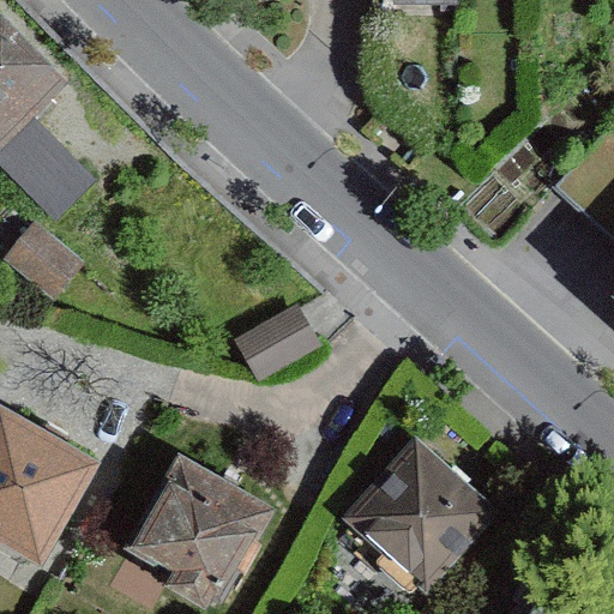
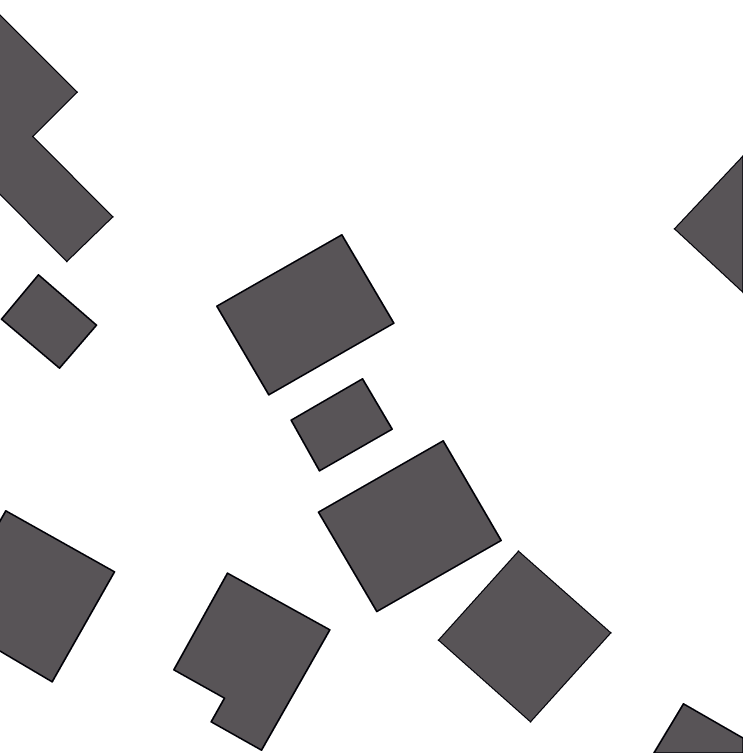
building: none -> [217,235,394,395]
building: none -> [319,441,501,612]

